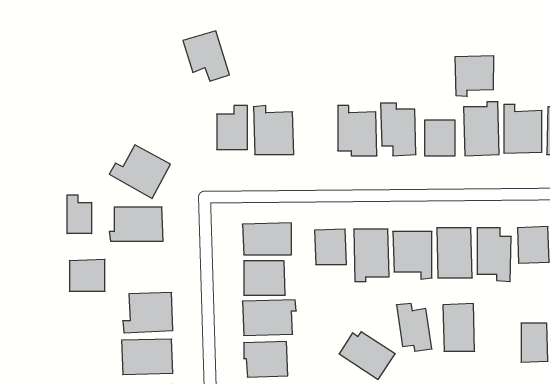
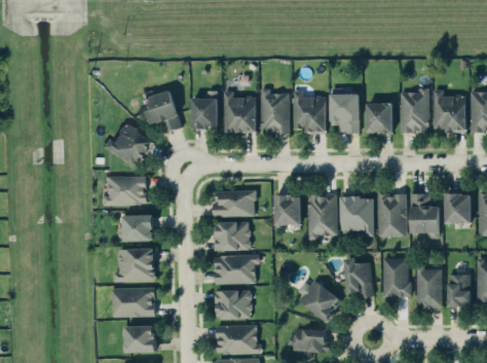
building: [183,31,229,81] -> [143,90,182,133]
building: [455,56,494,97] -> none
building: none -> [260,89,290,135]
building: [67,195,92,234] -> none
building: [69,259,105,291] -> [123,215,153,242]
building: none -> [415,267,442,308]

